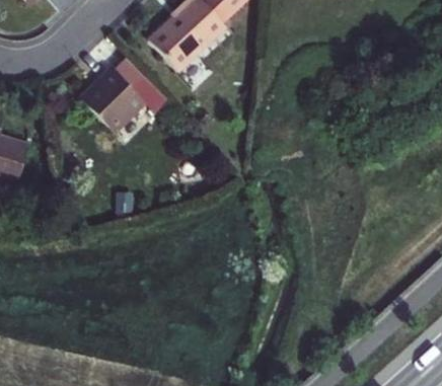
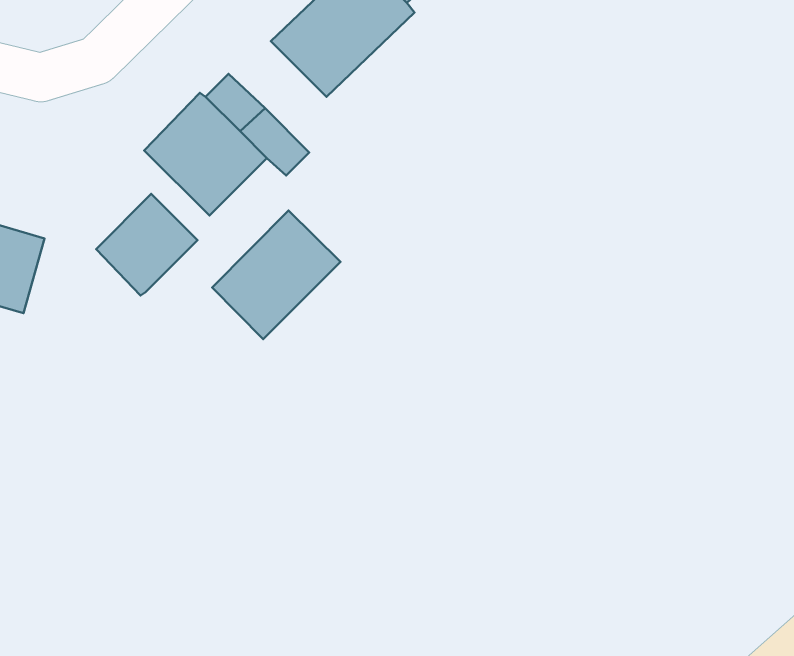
building: none -> [96,194,197,295]
building: none -> [212,211,341,339]

